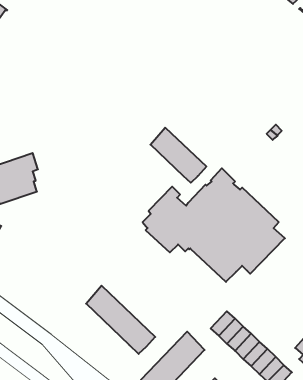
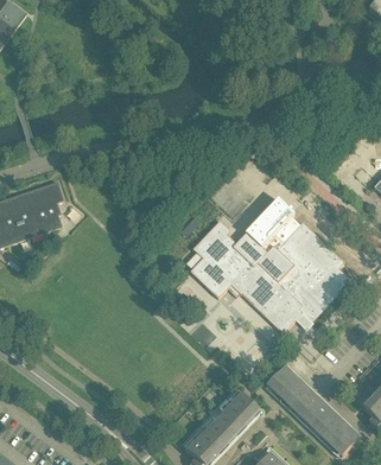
building: [150,128,206,183] -> none
building: [86,286,155,354] -> none

